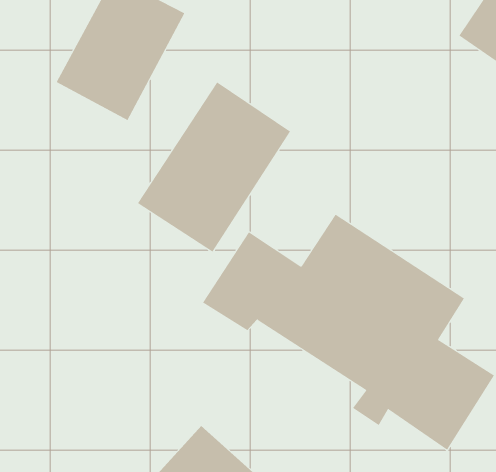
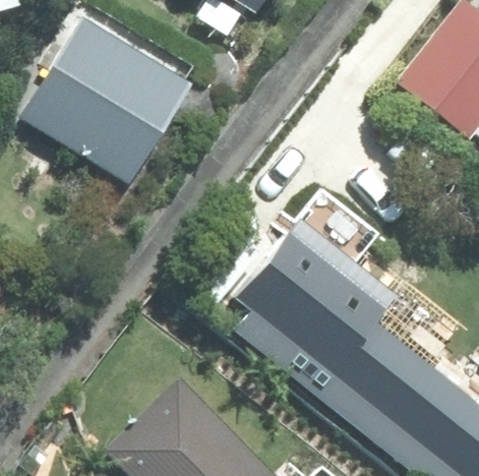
building: [137,82,291,252] -> none

